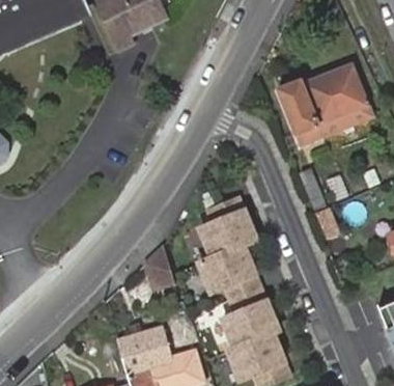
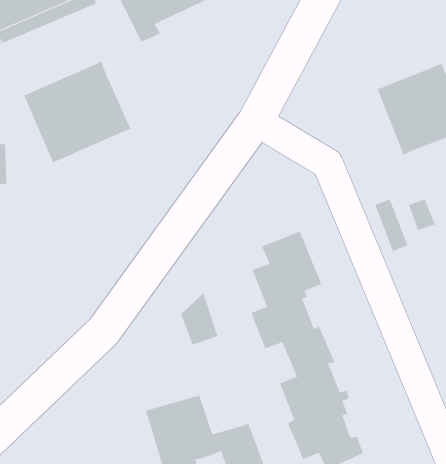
building: none -> [24,61,131,163]
building: [277,81,321,145] -> none

